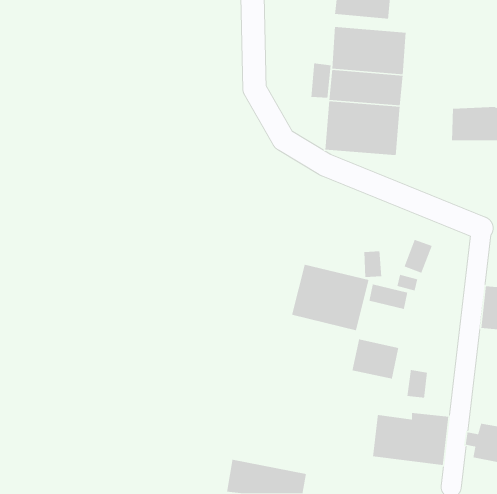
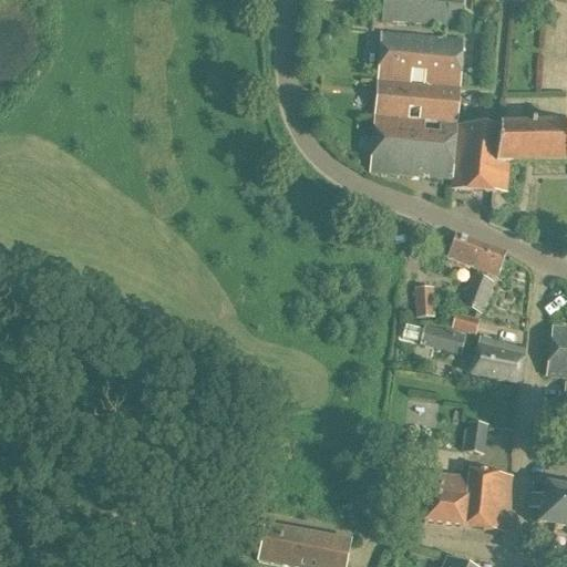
building: [311,62,332,98] -> none
building: none -> [451,121,515,190]
building: none -> [447,231,506,274]
building: [291,264,369,331] -> none
building: [352,339,399,380] -> [473,334,527,381]

